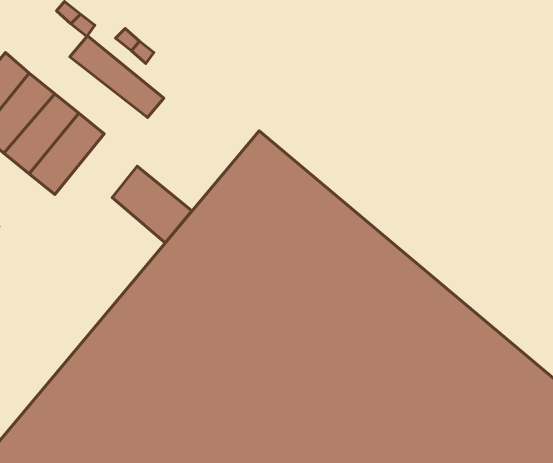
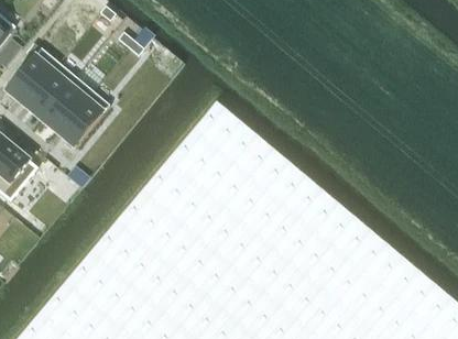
building: [70,36,164,118] -> none
building: [112,166,192,243] -> none

